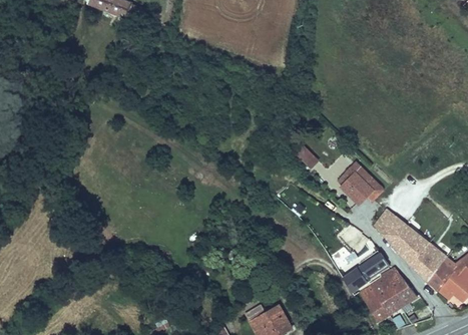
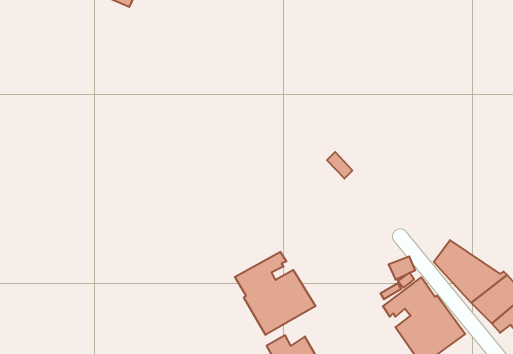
building: [334,160,385,205] -> none
building: [375,210,403,240] -> none
building: none -> [235,252,315,335]

